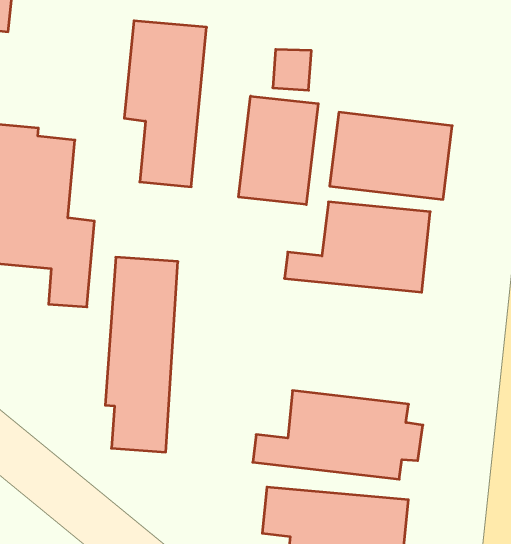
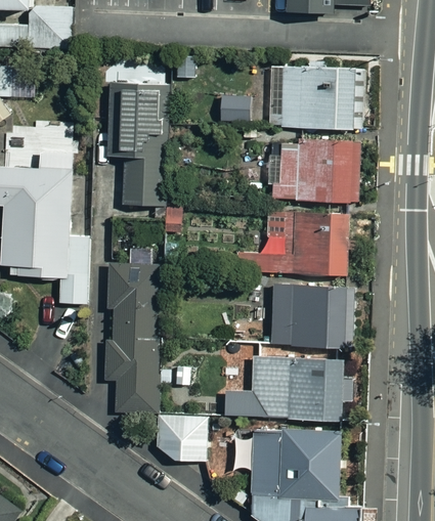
building: none -> [282,69,369,129]
building: [239,96,318,205] -> none
building: none -> [229,283,347,347]
building: none -> [157,417,207,461]

